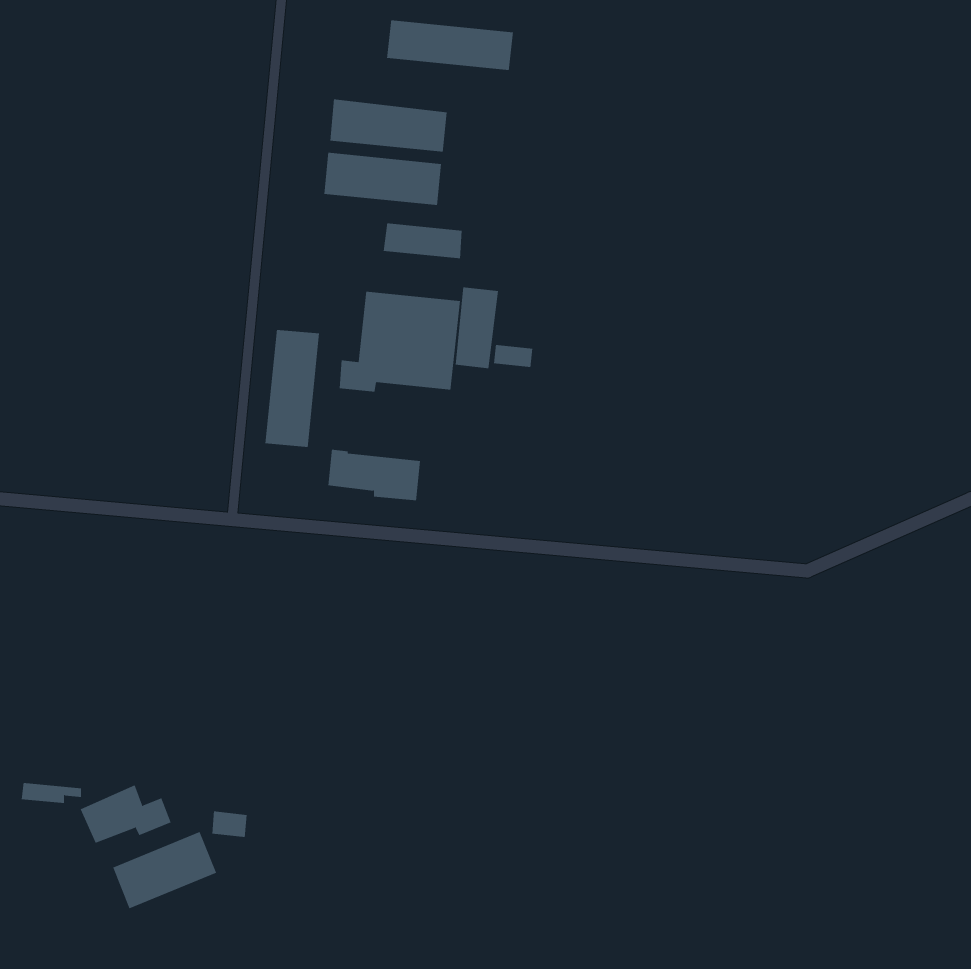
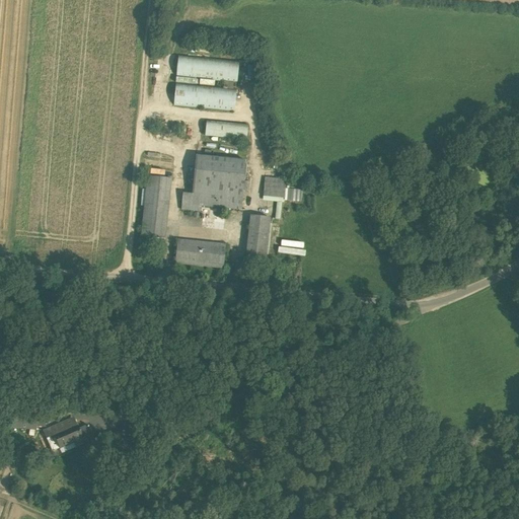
building: [386,19,514,71] -> none
building: [455,287,499,369] -> [245,215,269,258]
building: [112,831,217,909] -> none

